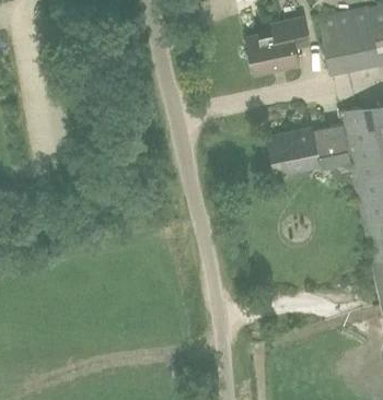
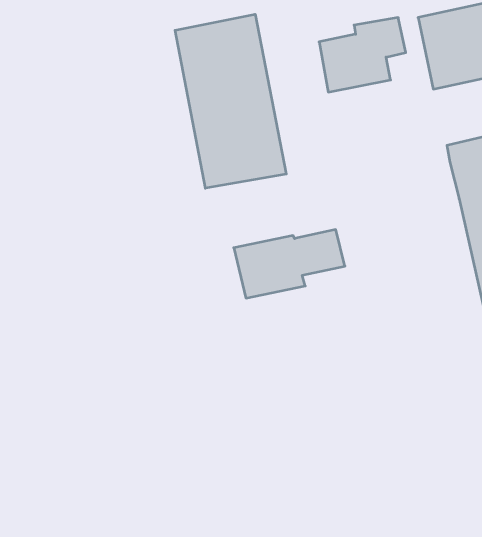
building: none -> [175,14,286,188]
building: [269,125,349,174] -> [234,230,345,298]

